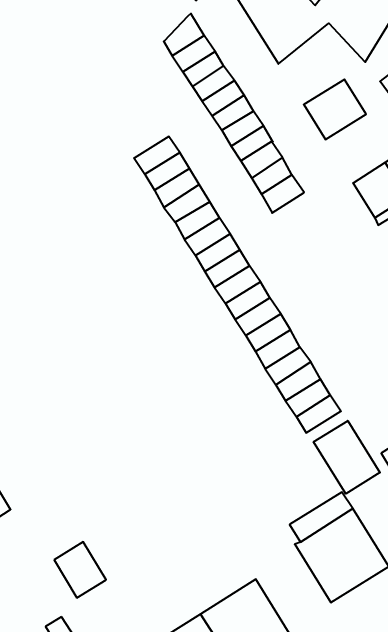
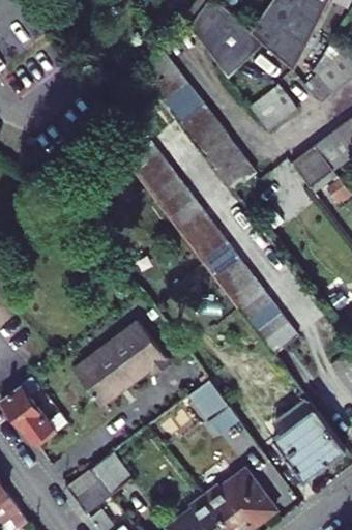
building: none -> [75,322,171,407]
building: [314,421,380,494] -> none
building: none -> [189,380,230,422]
building: none -> [67,468,113,513]

